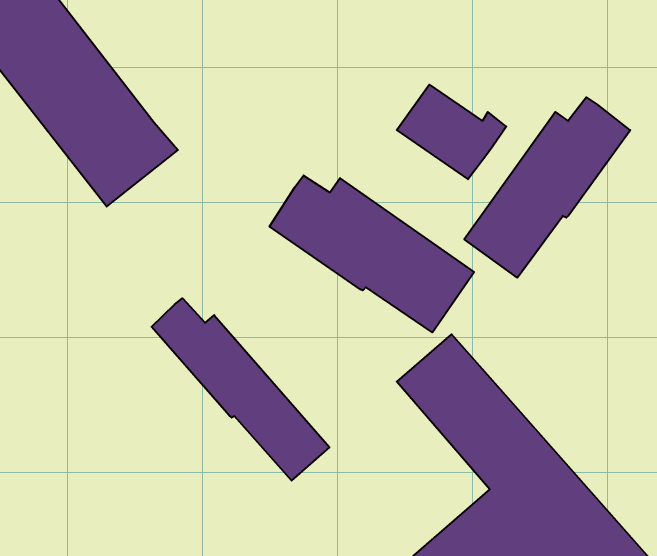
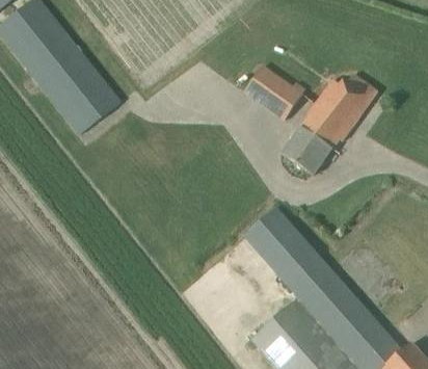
building: [269,175,474,332] -> none
building: [152,298,329,481] -> none

